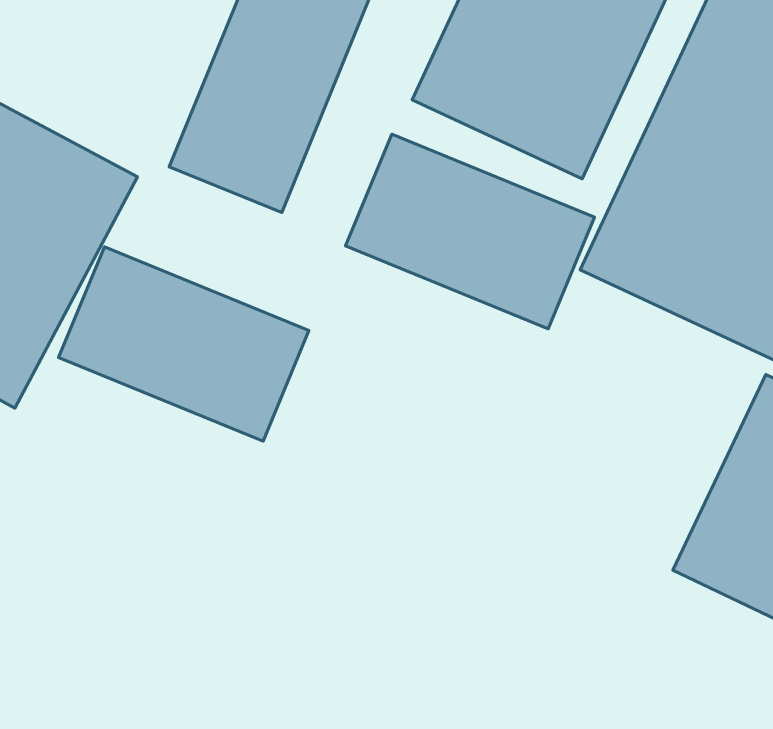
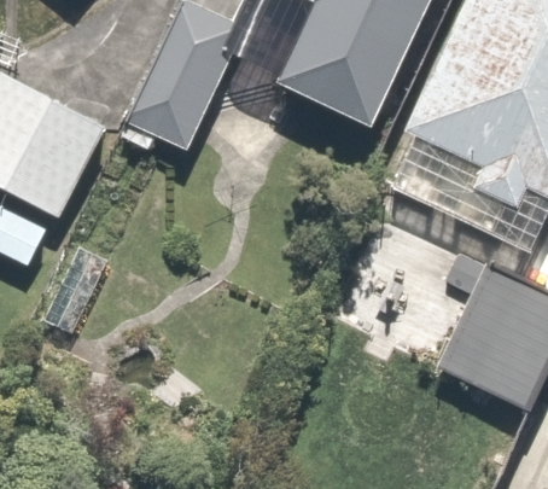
building: [345,134,595,329] -> none
building: [59,247,309,441] -> none

